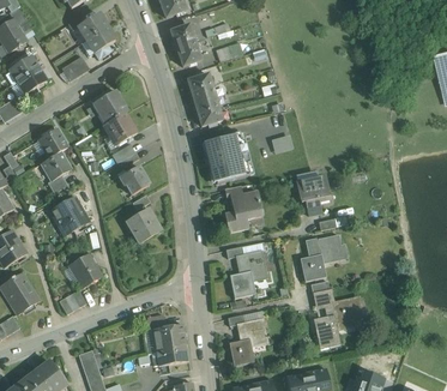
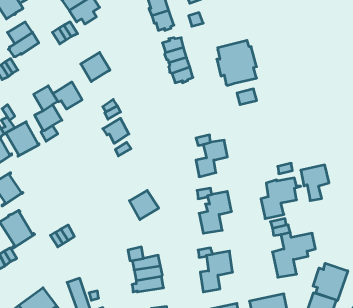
building: [103,112,137,143] -> [53,82,82,109]
building: [205,131,250,182] -> [217,40,257,85]
building: [297,174,330,215] -> [301,165,329,201]
building: [50,196,89,235] -> [5,122,39,156]
building: [127,209,161,242] -> [129,190,159,220]
building: [70,252,102,287] -> none
building: none -> [313,263,348,301]

